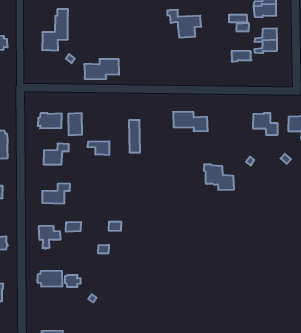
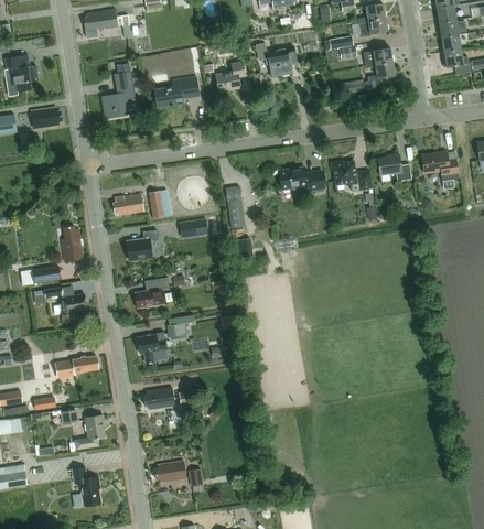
building: none -> [215,62,246,91]
building: [84,59,119,79] -> [154,77,200,108]
building: [204,164,234,190] -> [331,161,373,191]

